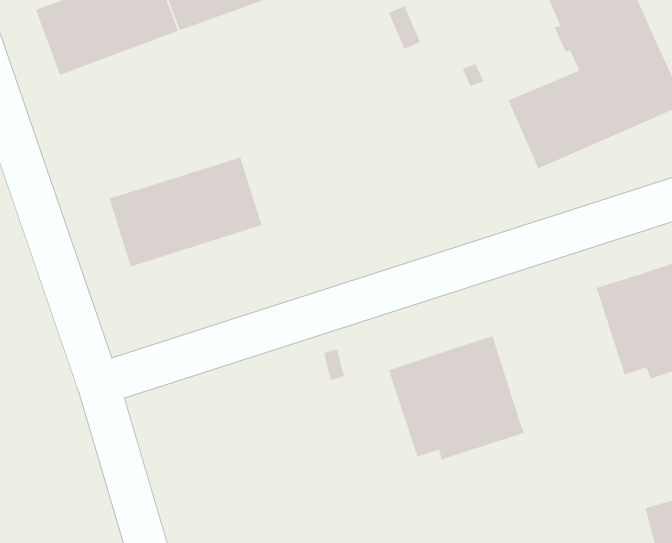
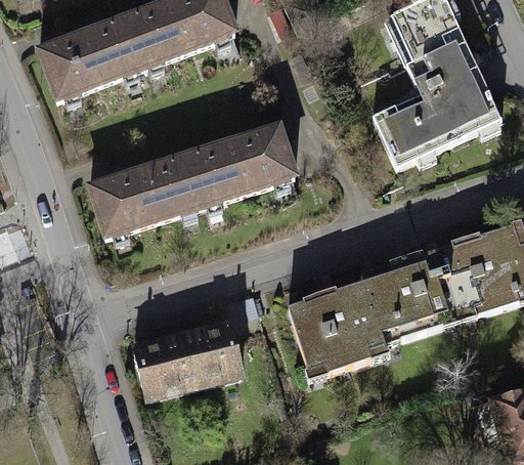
building: none -> [185,127,293,205]
building: none -> [361,249,457,344]
building: none -> [129,325,237,397]

